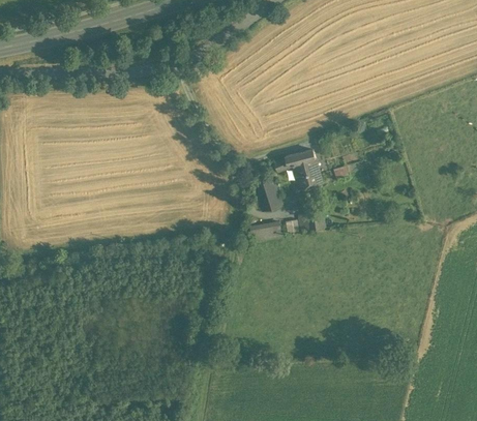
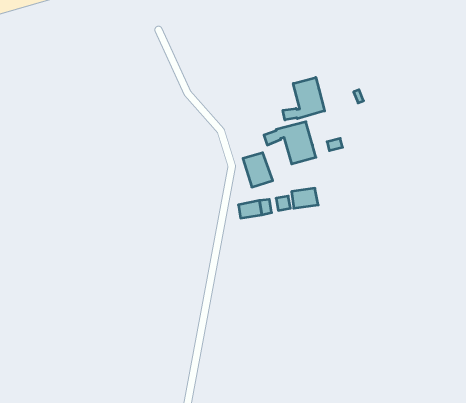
building: none -> [283,77,325,120]

